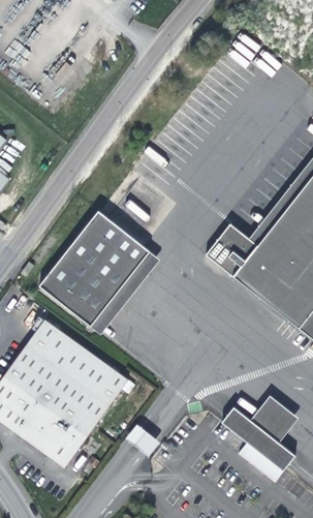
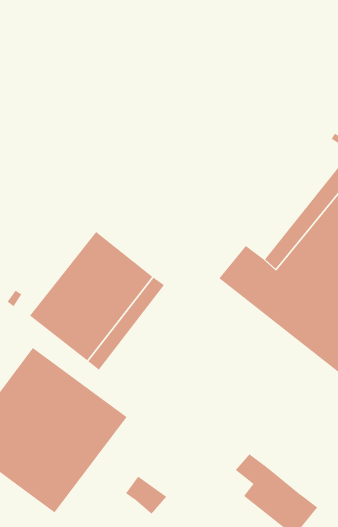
building: [250,397,298,444] -> none

